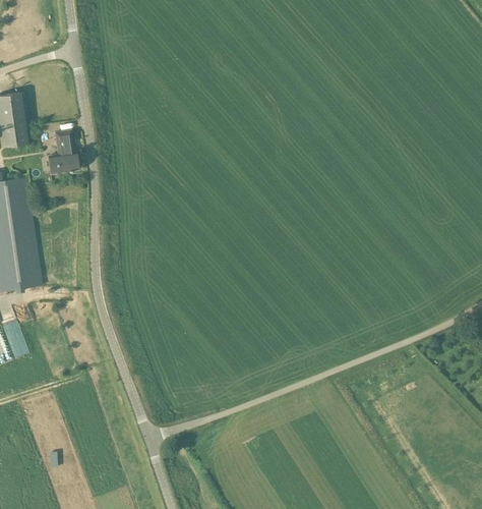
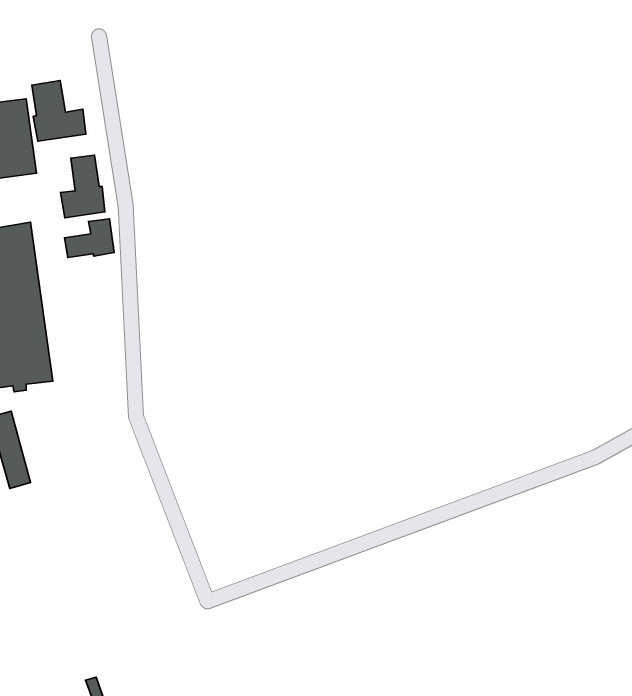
building: none -> [32,80,86,141]
building: none -> [64,219,114,258]

